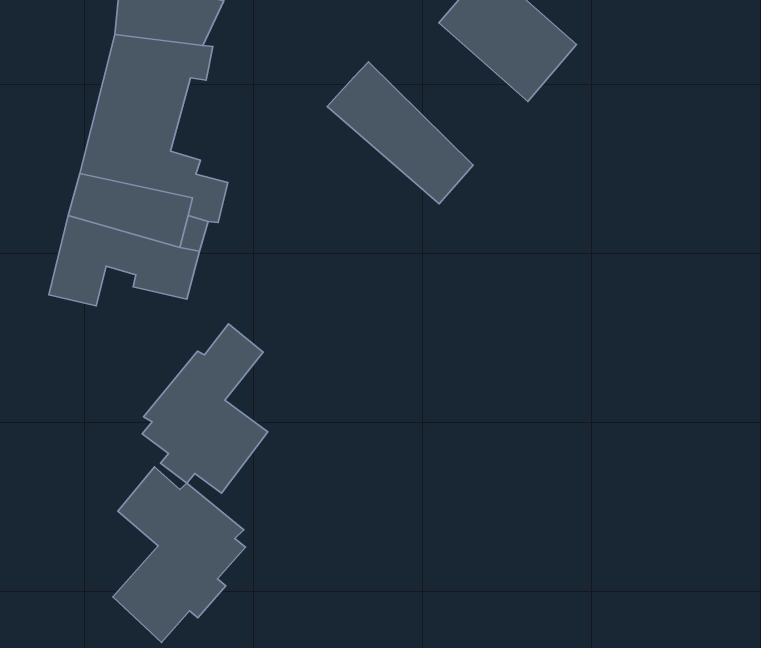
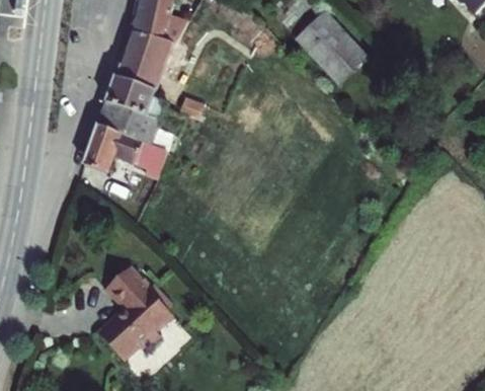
building: [327,62,473,204] -> none
building: [142,324,268,493] -> none

